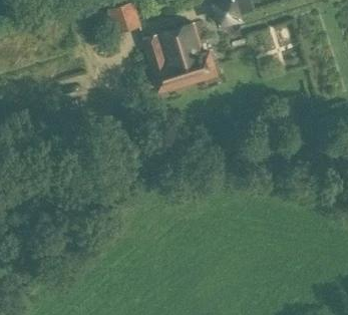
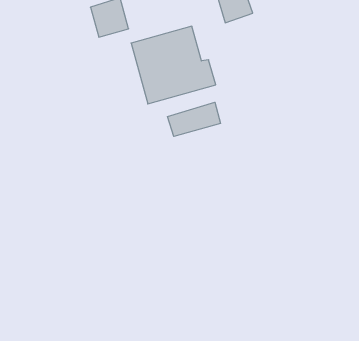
building: none -> [168,102,221,136]

